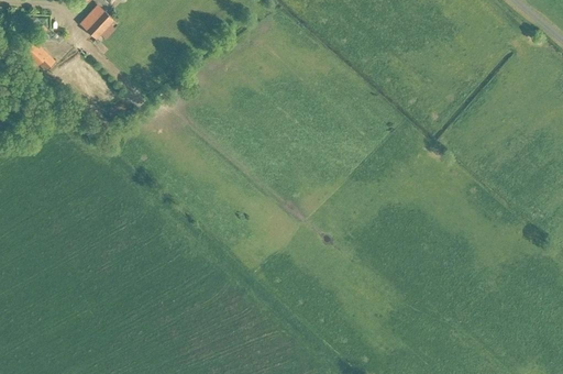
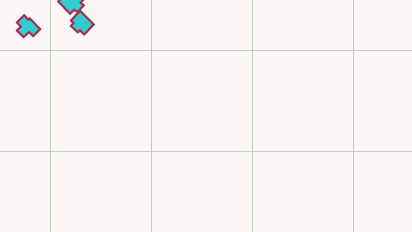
building: none -> [71,11,94,34]

